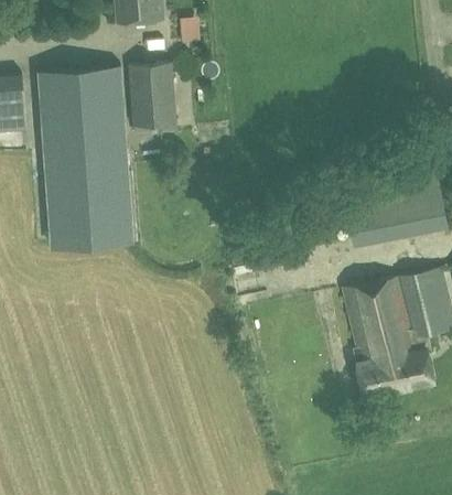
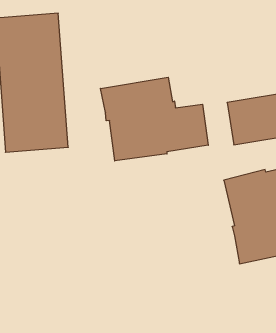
building: [128,64,175,129] -> none
building: none -> [100,77,208,161]

